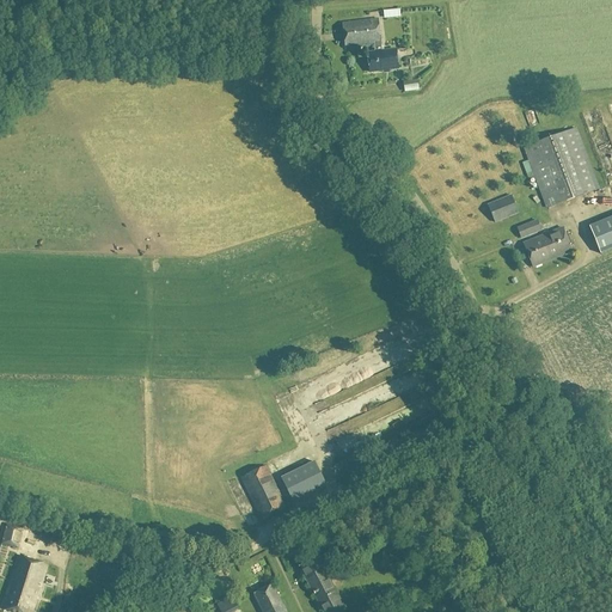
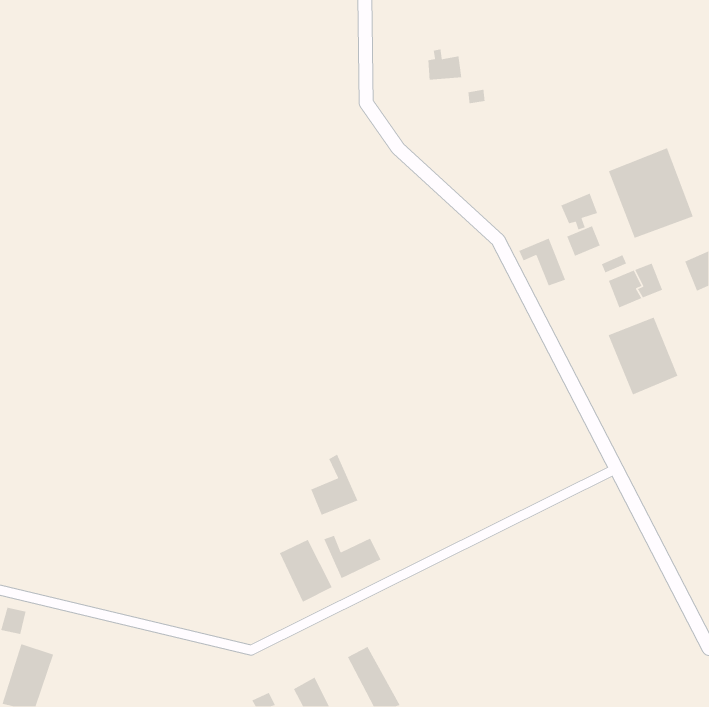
building: [342,17,380,47] -> none
building: none -> [560,192,598,230]
building: none -> [518,237,566,287]
building: none -> [608,316,678,396]
building: none -> [310,454,359,516]

